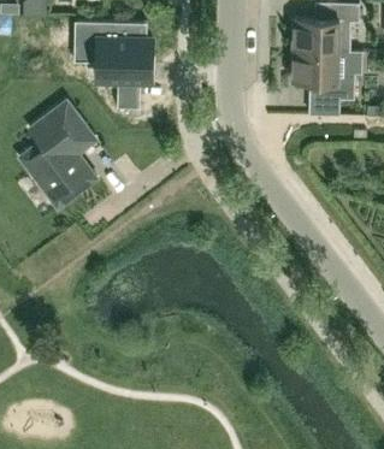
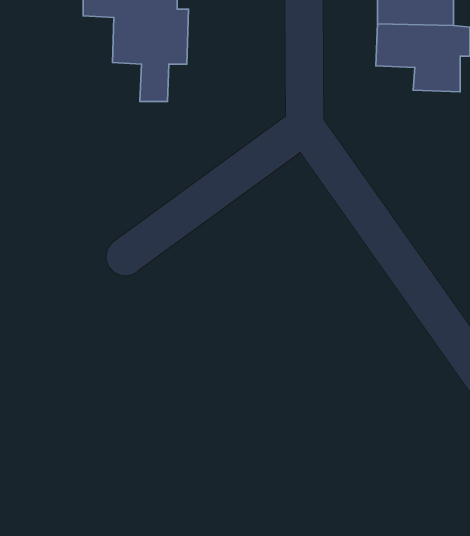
building: [19,101,95,207] -> none

